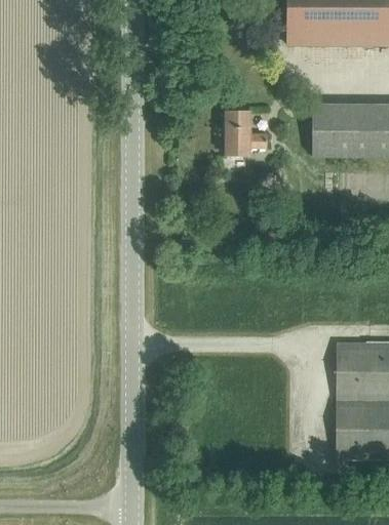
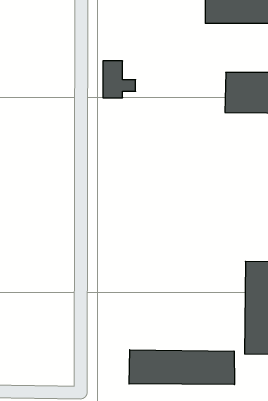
building: [225,109,266,155] -> [103,61,136,98]
building: none -> [129,350,234,385]

